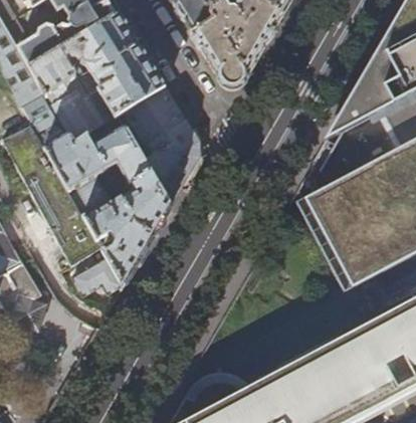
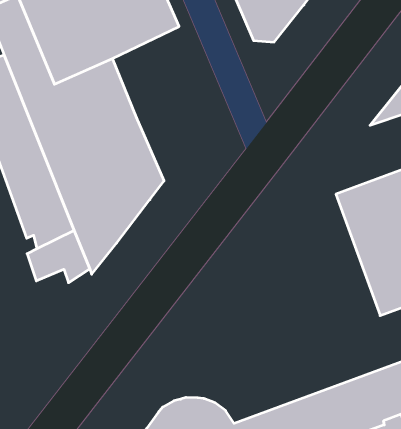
building: [123,84,199,206] -> none

